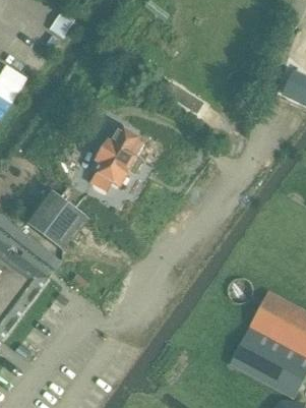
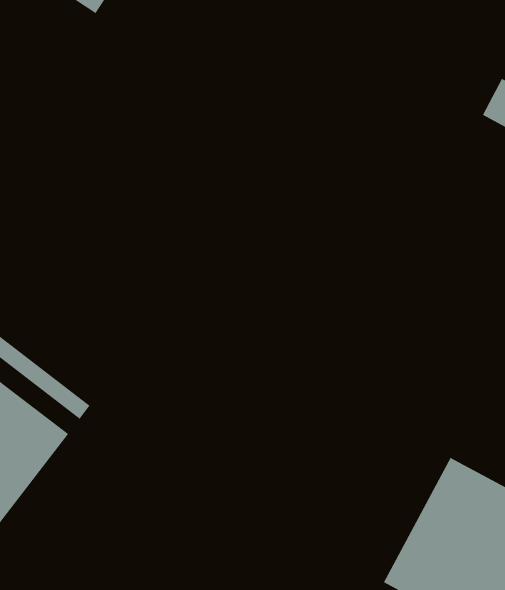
building: [89,126,144,187] -> none
building: [26,190,86,248] -> none

